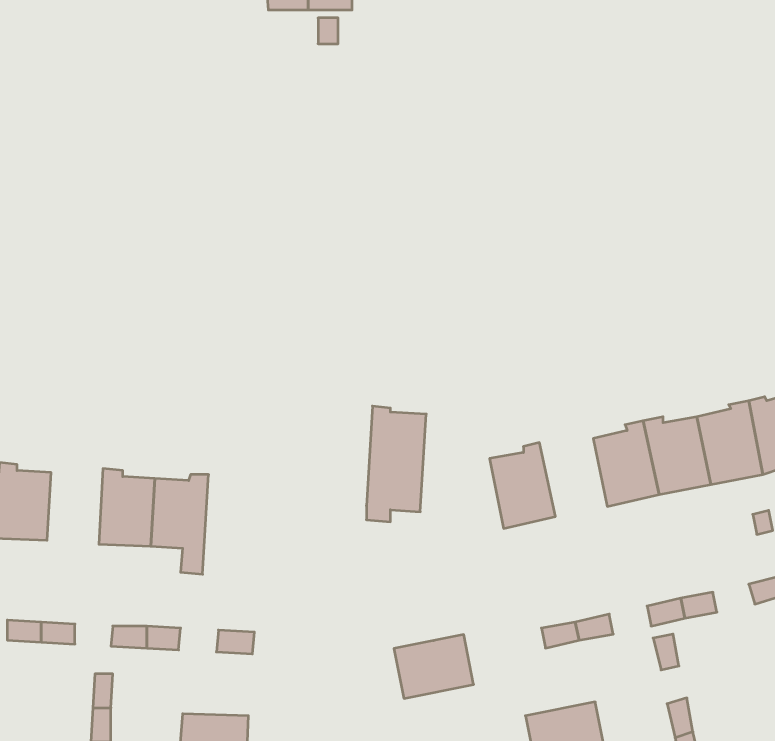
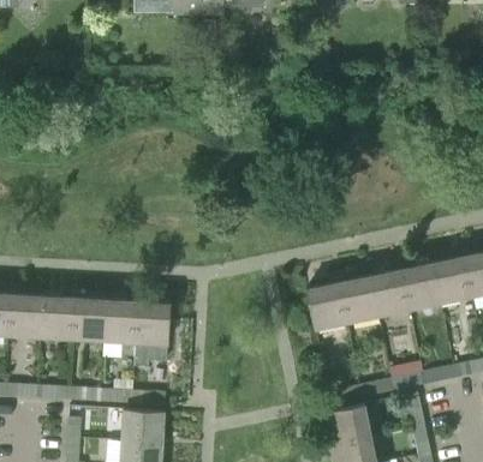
building: [366,406,426,522] -> [133,298,169,367]
building: none -> [336,276,377,323]
building: none -> [40,294,73,340]
building: [394,635,474,698] -> [322,404,370,443]
building: none -> [121,410,163,443]

